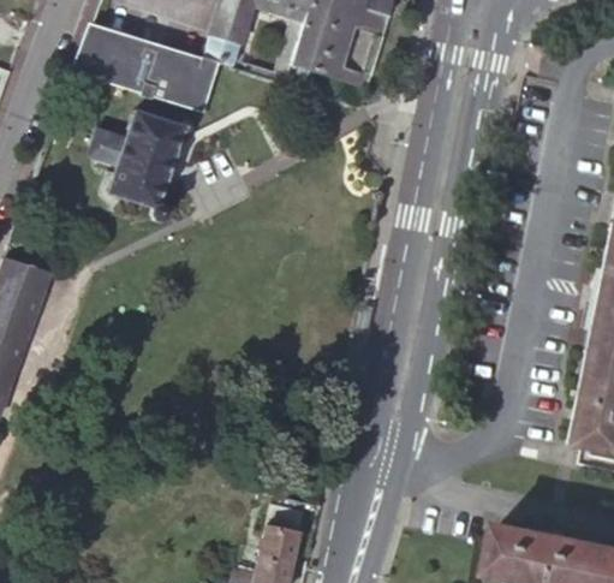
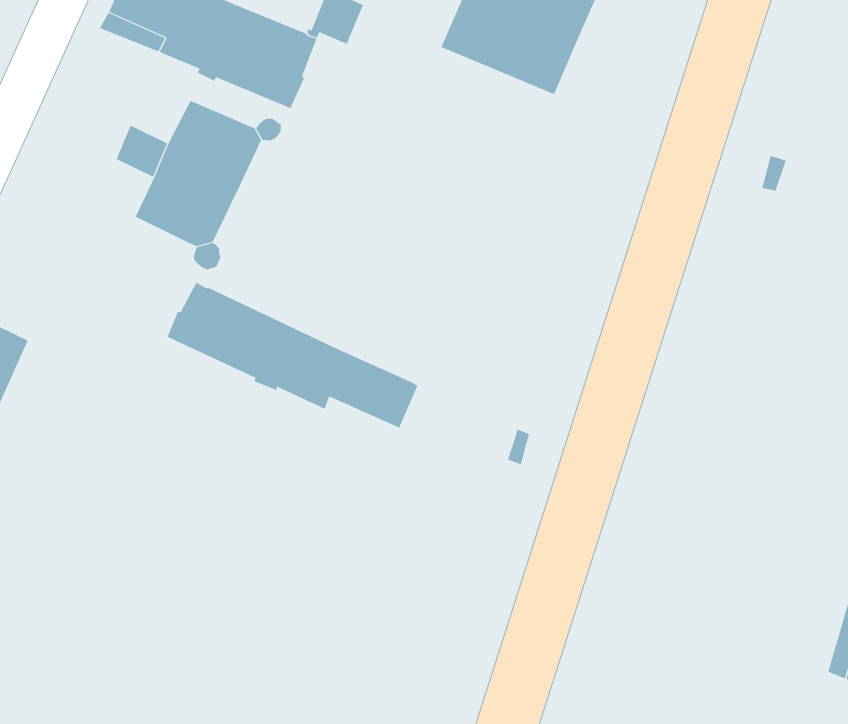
building: none -> [167,282,418,429]

